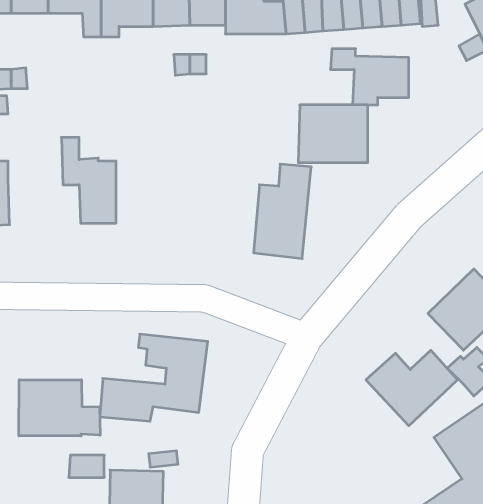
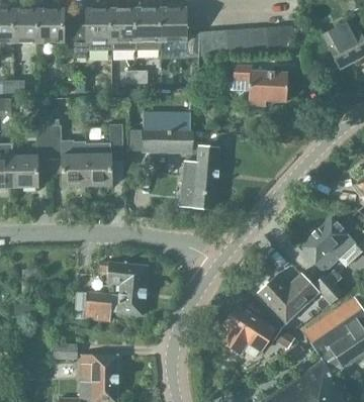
building: [298,105,368,163] -> [144,112,191,152]
building: none -> [86,124,122,185]
building: none -> [12,126,50,186]
building: [19,380,100,436] -> none
building: none -> [220,303,276,354]

